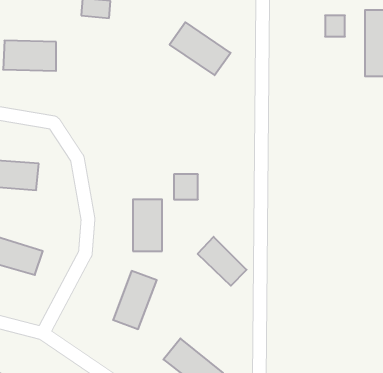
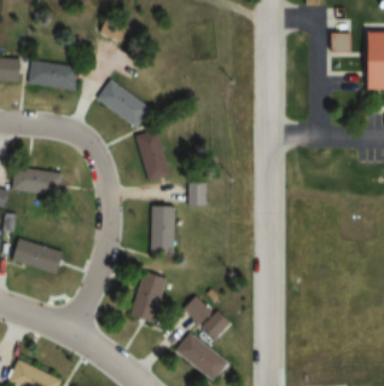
building: [170,22,231,75] -> [95,79,151,127]
building: none -> [136,131,171,182]
building: [198,237,247,286] -> [185,294,229,339]

